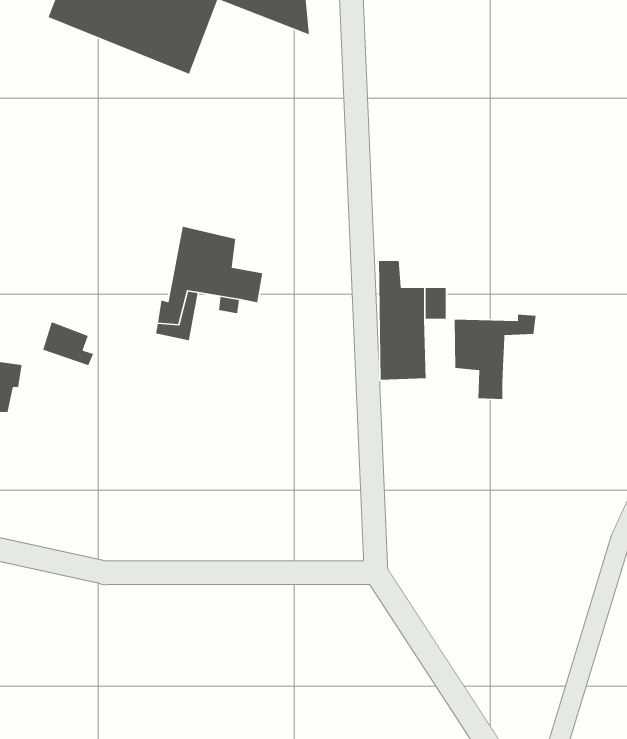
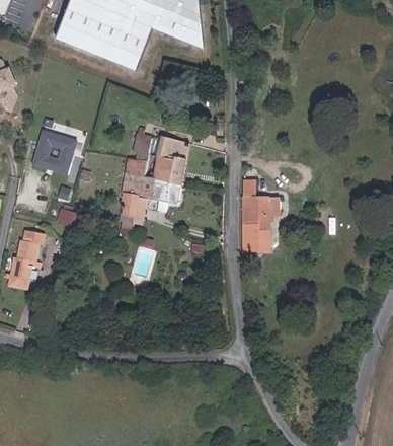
building: none -> [128,122,186,182]
building: none -> [33,127,80,174]
building: [454,314,537,400] -> none

